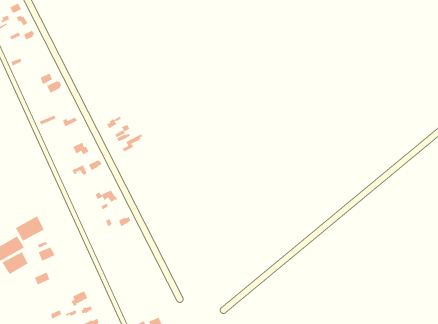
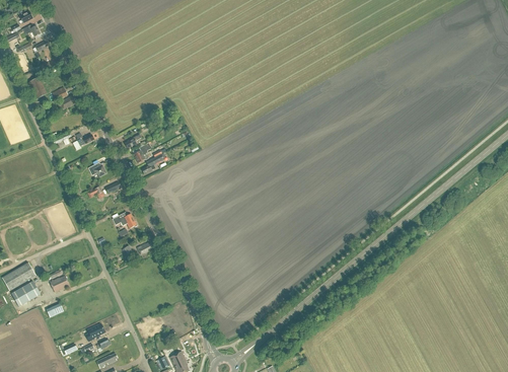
building: [15,215,45,242] -> none

